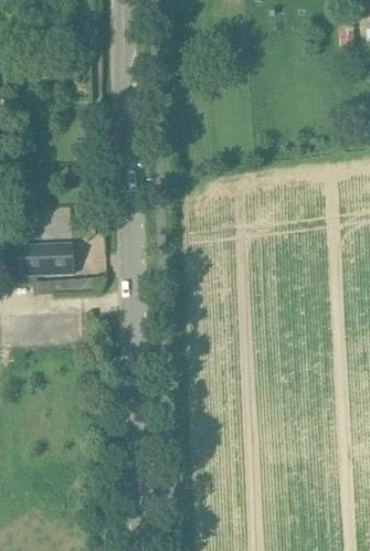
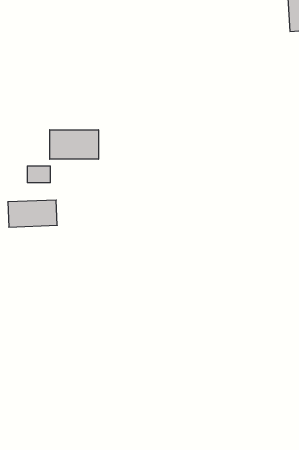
building: none -> [50,130,98,159]

